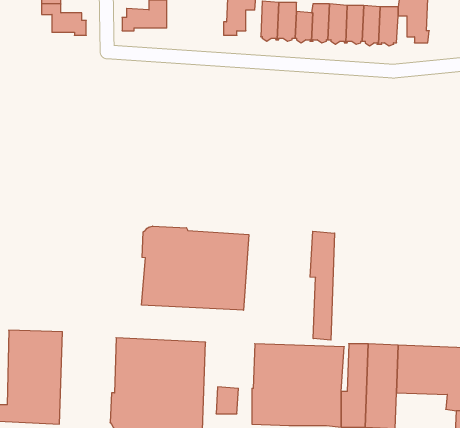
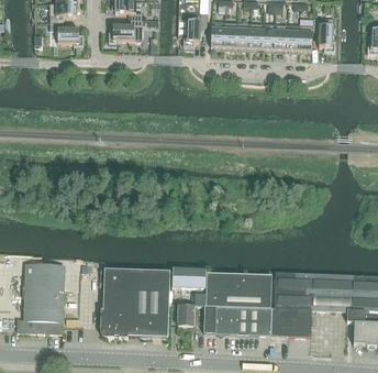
building: [142,226,249,310] -> none
building: [310,231,335,340] -> none
building: none -> [173,270,205,289]

